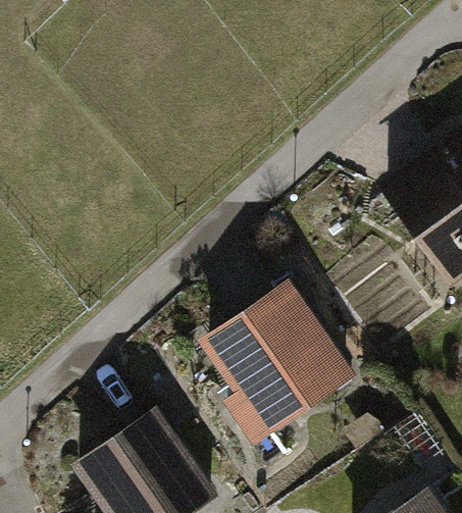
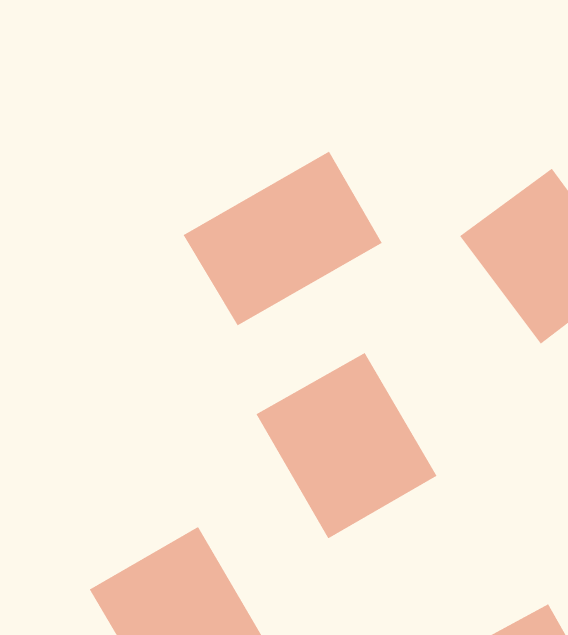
building: none -> [183,151,383,326]

